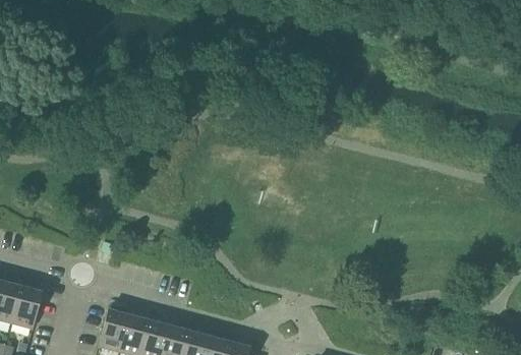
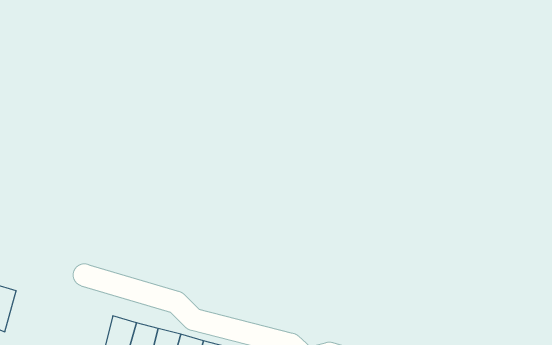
building: [13,287,45,329] -> none

